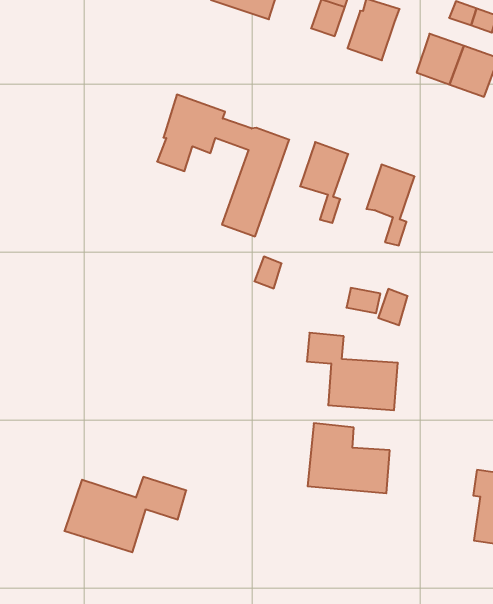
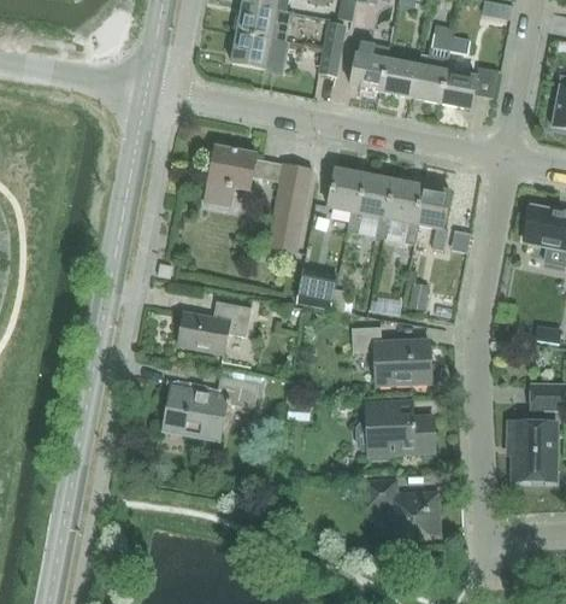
building: none -> [381,58,417,98]
building: none -> [356,174,393,239]
building: none -> [414,184,450,248]
building: none -> [178,301,252,353]
building: [64,477,186,552] -> [163,376,259,440]
building: none -> [367,480,440,534]

